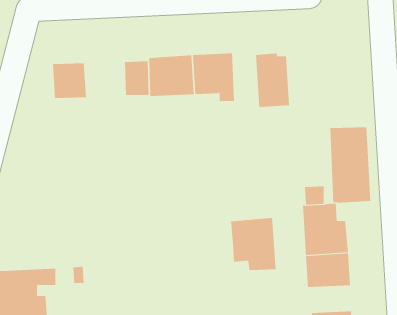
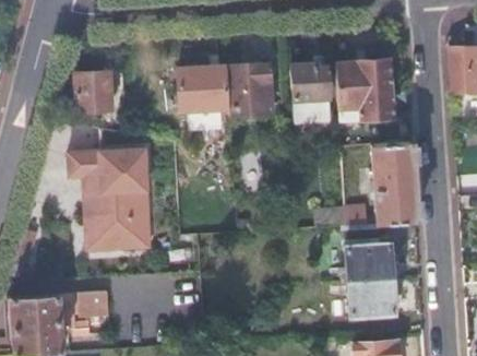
building: none -> [335,59,394,123]
building: none -> [65,145,150,252]
building: [230,217,276,271] -> none

